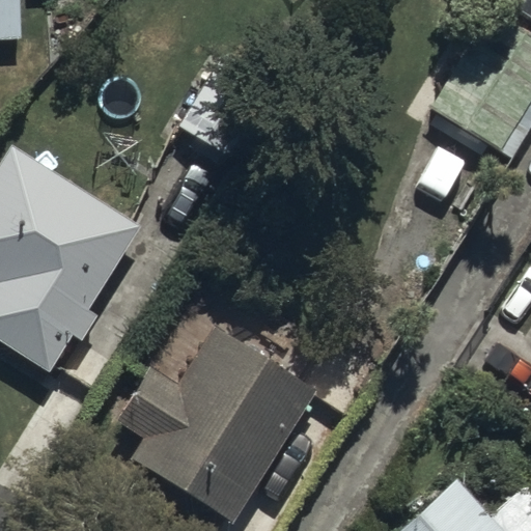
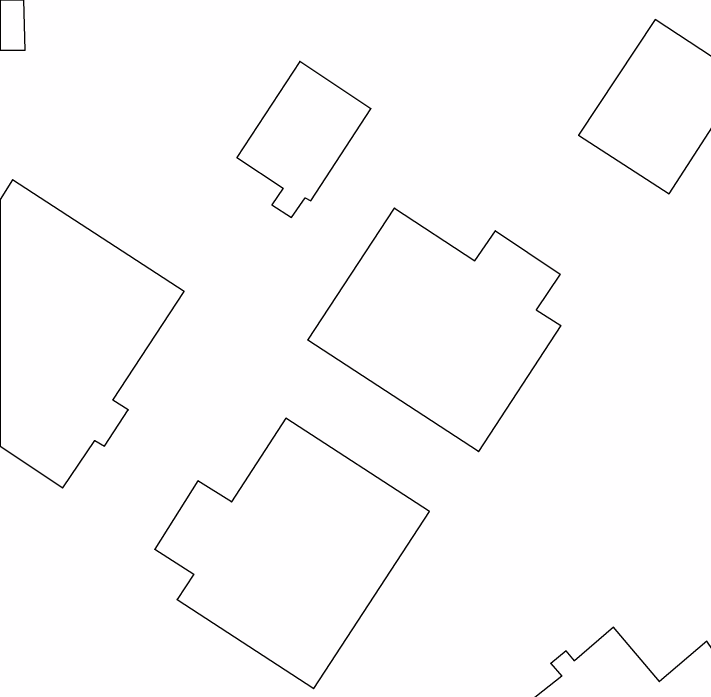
building: none -> [308,208,561,452]

